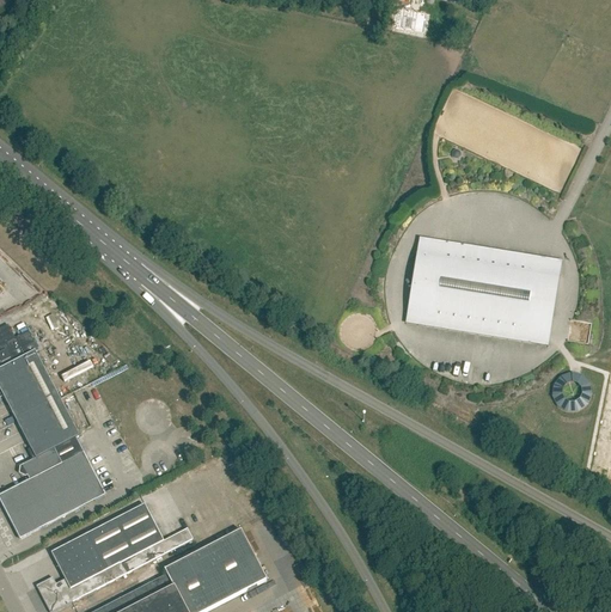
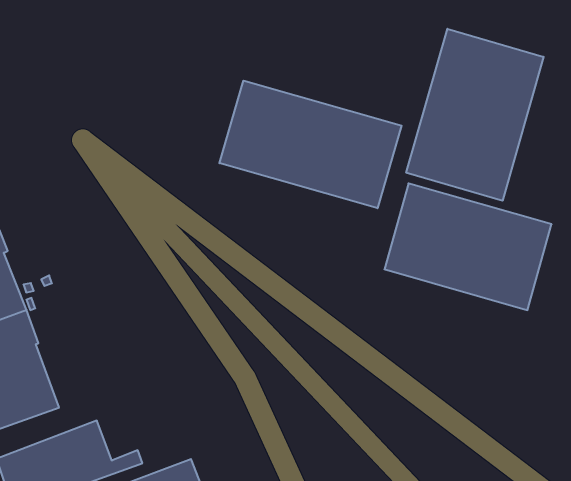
building: none -> [406,29,544,201]
building: none -> [219,81,402,208]

